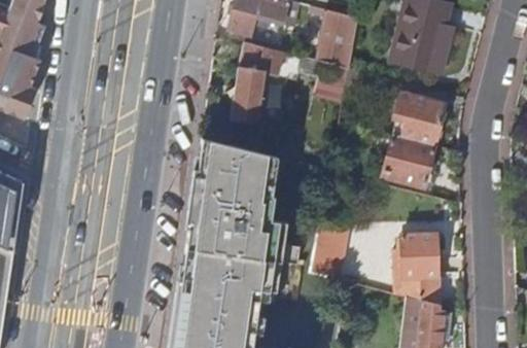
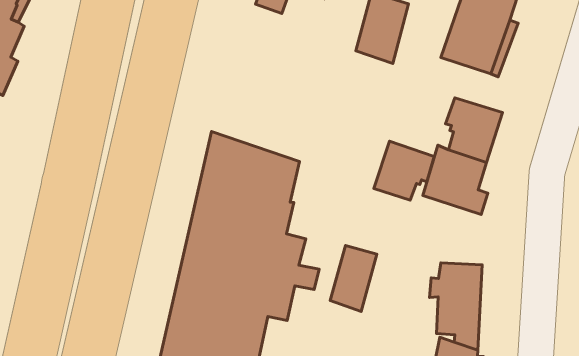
building: [227,45,285,124] -> none
building: none -> [374,141,434,200]

